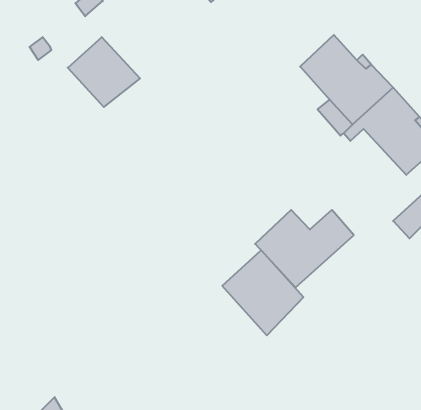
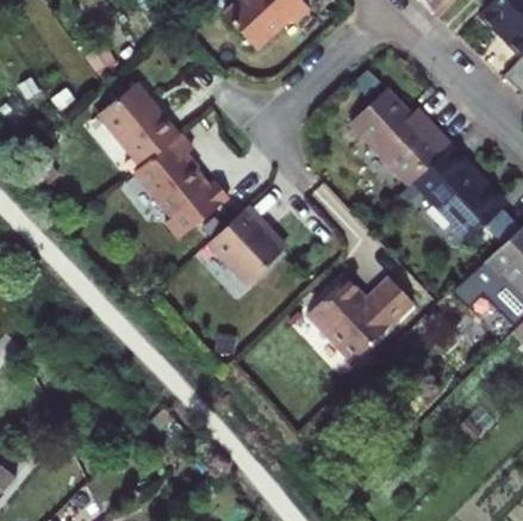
building: none -> [133,135,236,242]
building: none -> [207,209,284,287]
building: [222,250,303,335] -> none

